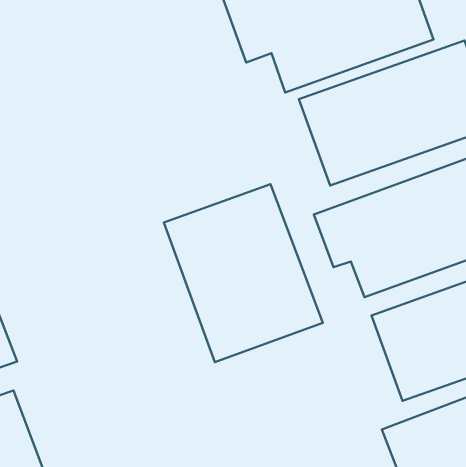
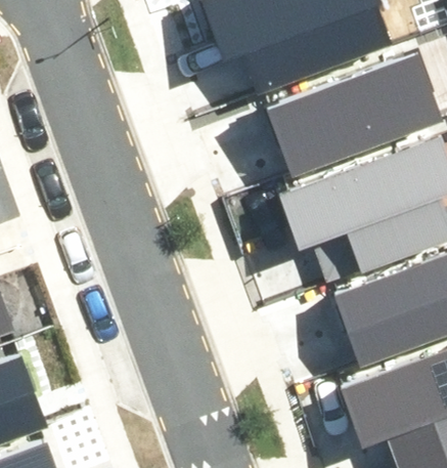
building: [164,184,323,362] -> none

